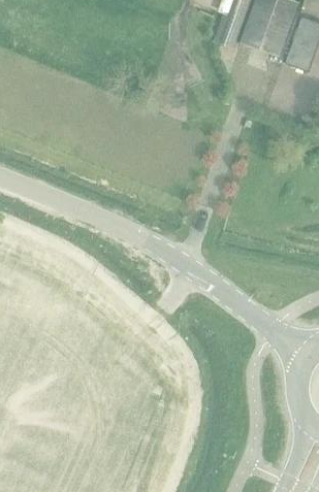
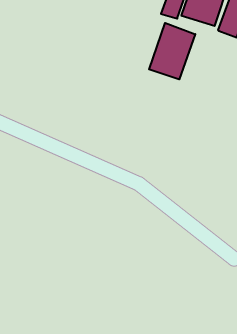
building: none -> [149,23,195,79]

